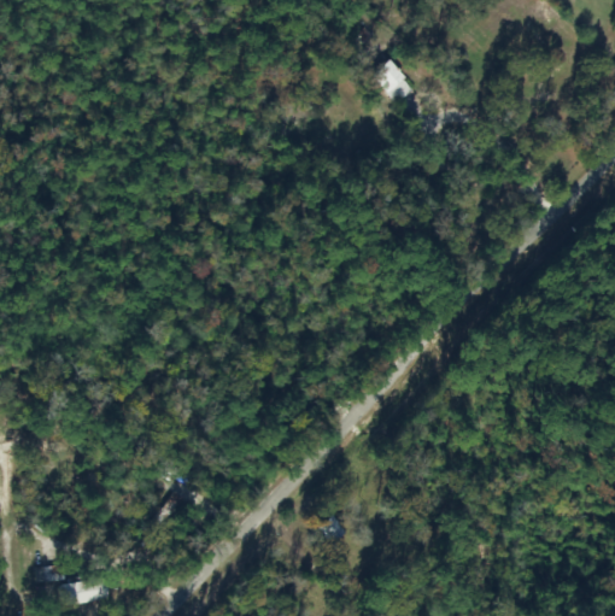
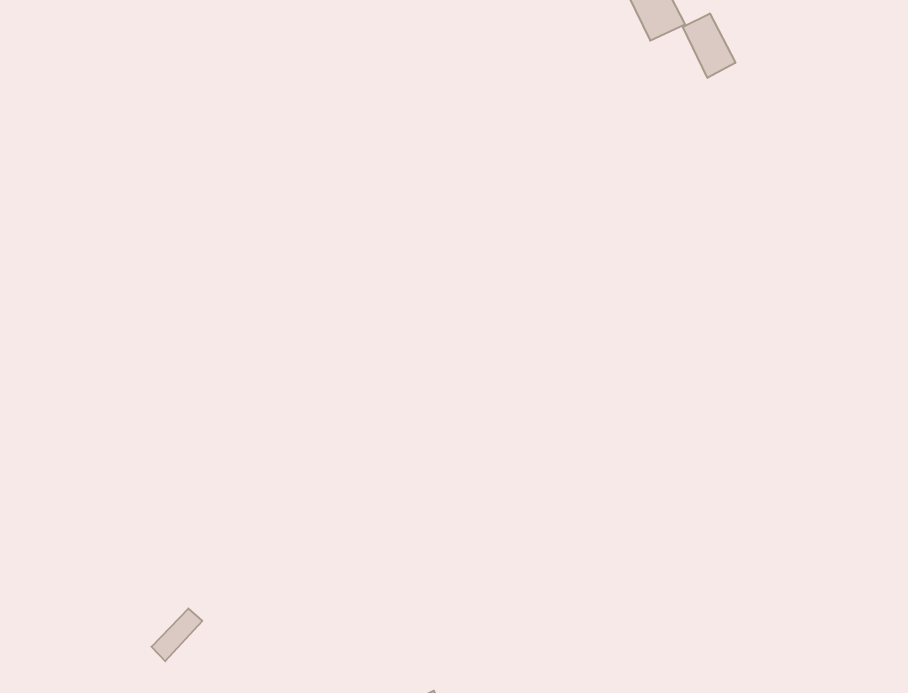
building: none -> [683,13,735,78]

